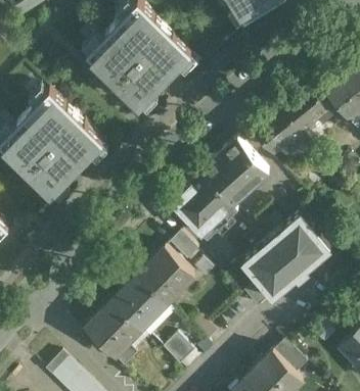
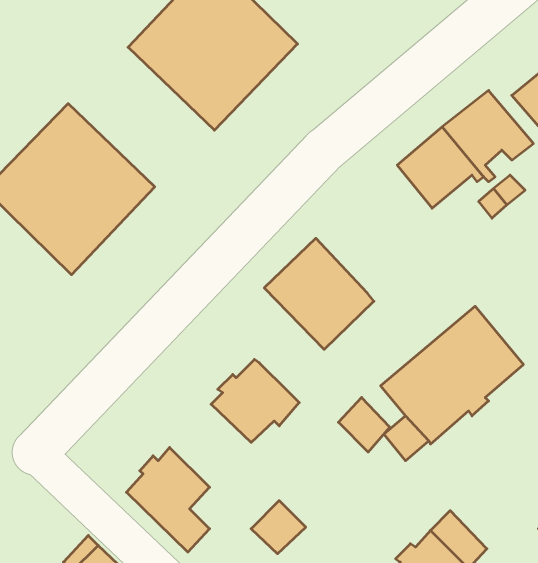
building: [204,142,269,207] -> none
building: [169,235,200,268] -> [338,397,390,452]
building: [114,276,164,327] -> none

